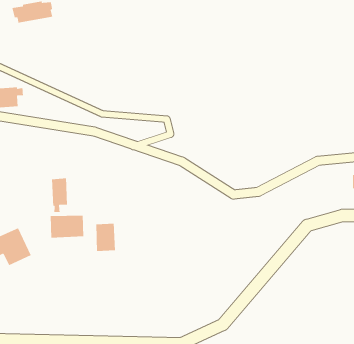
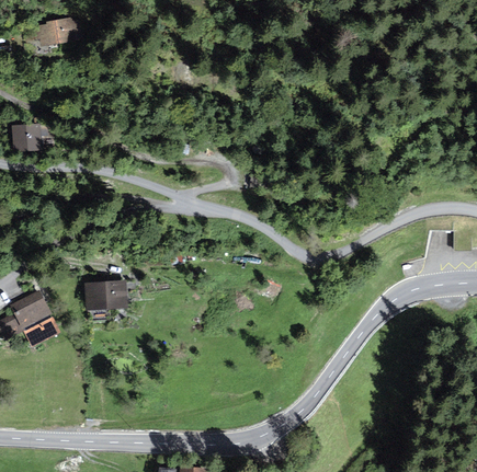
building: [51,178,68,213] -> none
building: [96,223,116,252] -> none

